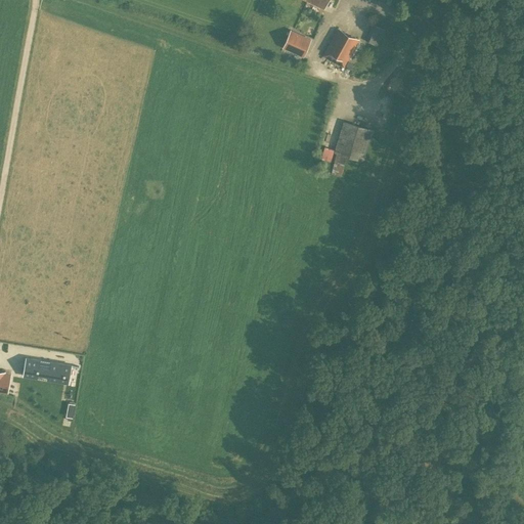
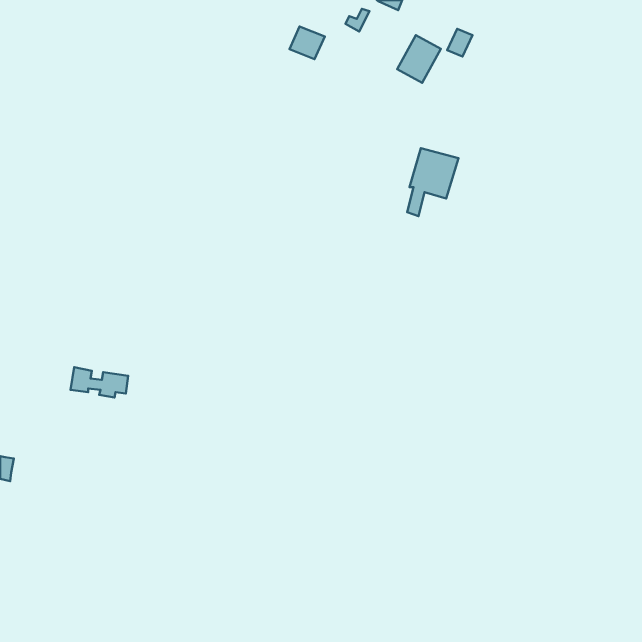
building: [282,30,311,56] -> [290,26,325,59]
building: [24,357,71,382] -> [70,367,128,397]

